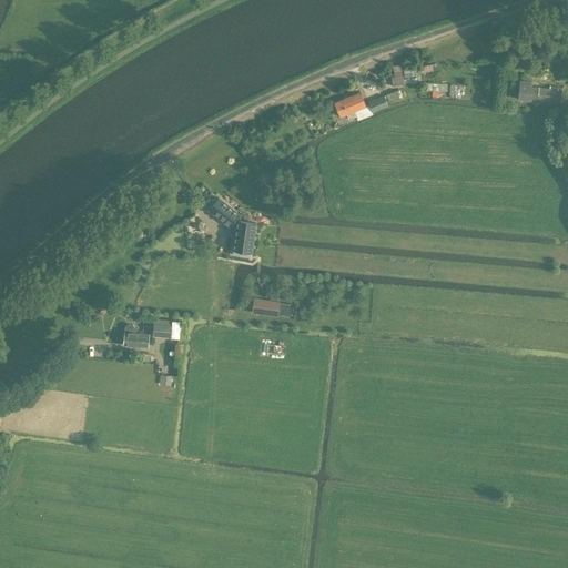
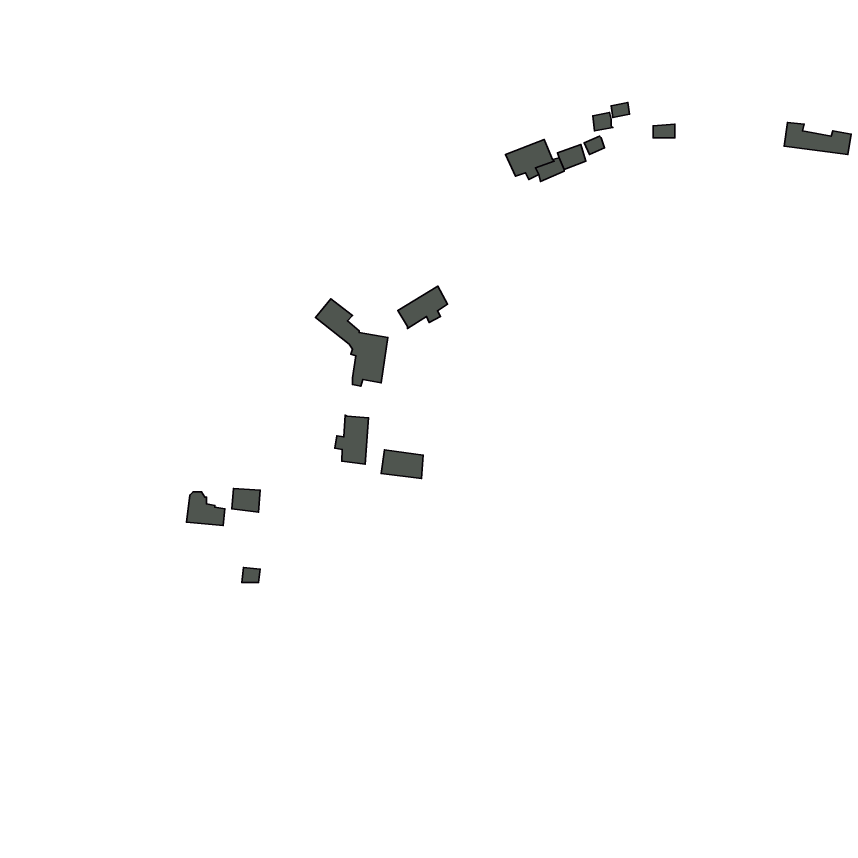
building: none -> [398,286,448,329]
building: none -> [335,415,368,464]

